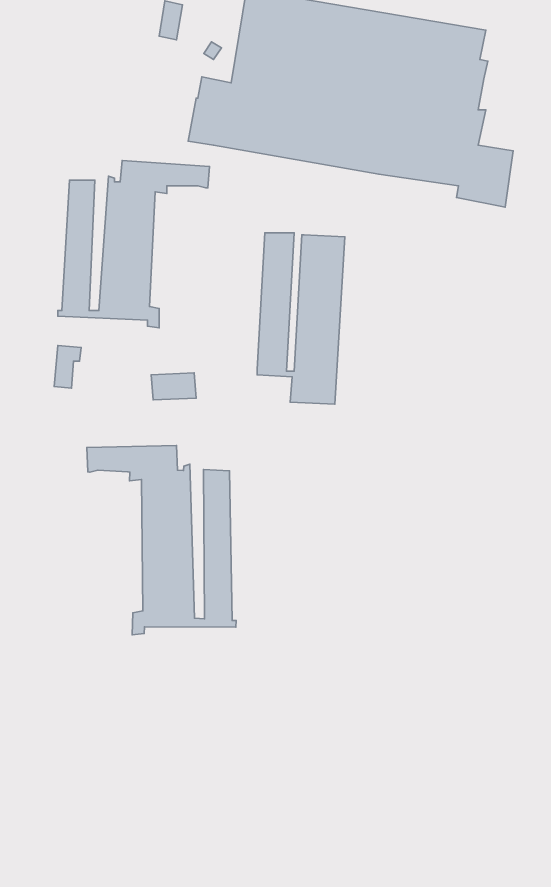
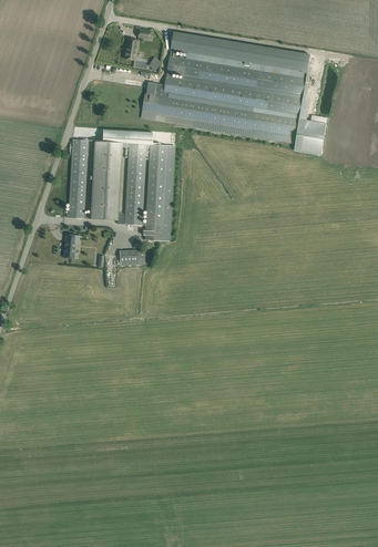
building: [257,233,345,404] -> [125,143,175,240]
building: [87,446,236,635] -> none

